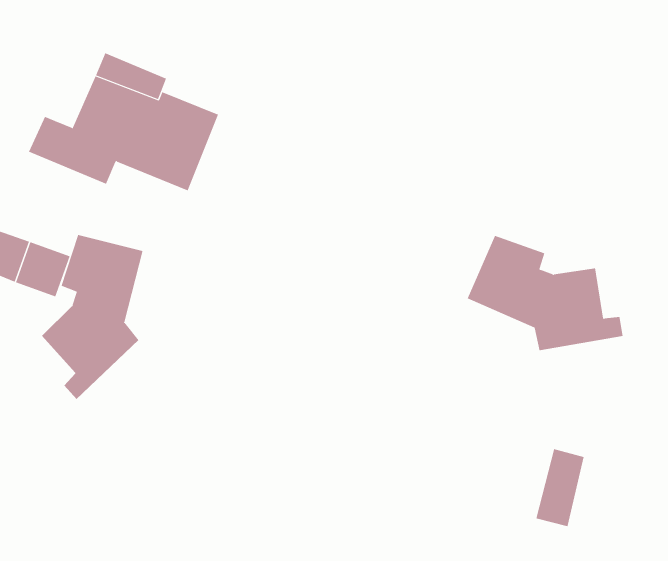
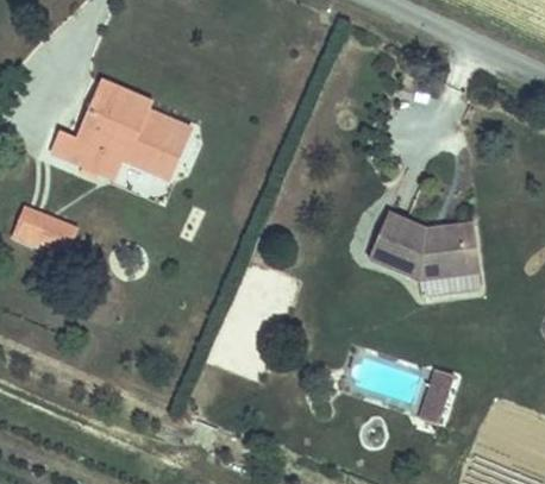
building: [41,234,143,400] -> none
building: none -> [421,221,480,272]

